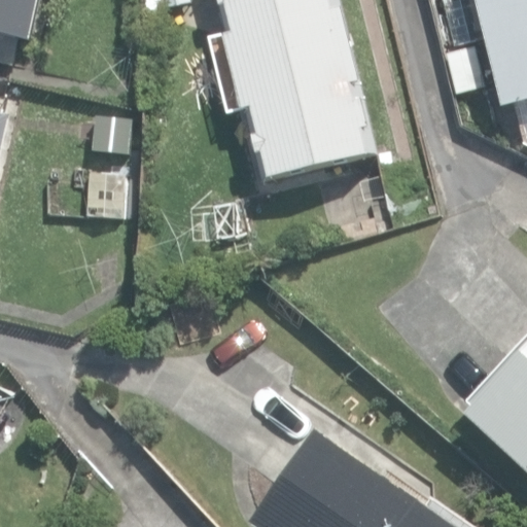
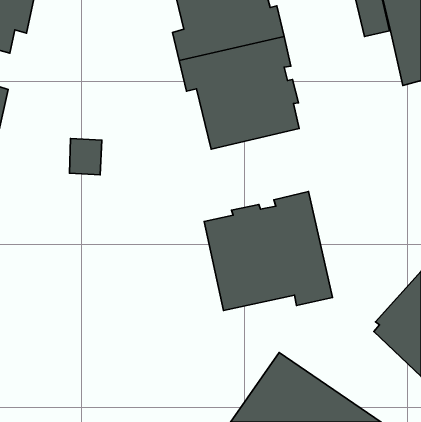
building: none -> [204,192,333,310]

